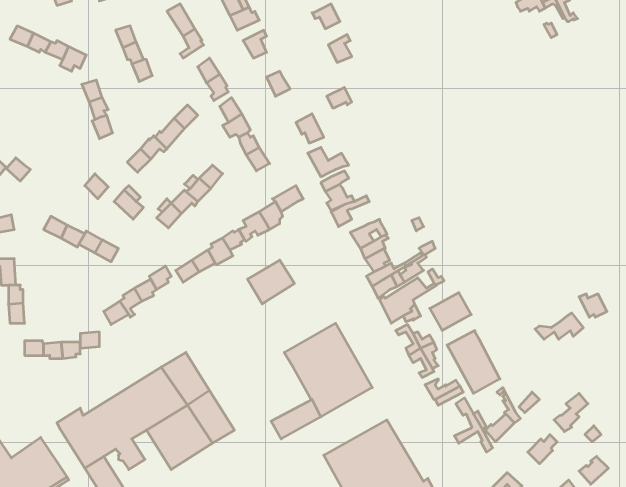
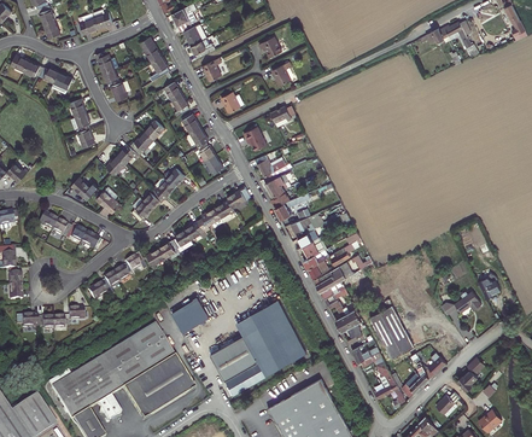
building: [248,260,294,304] -> [171,297,210,333]
building: [430,293,471,330] -> none
building: none -> [210,336,258,380]

